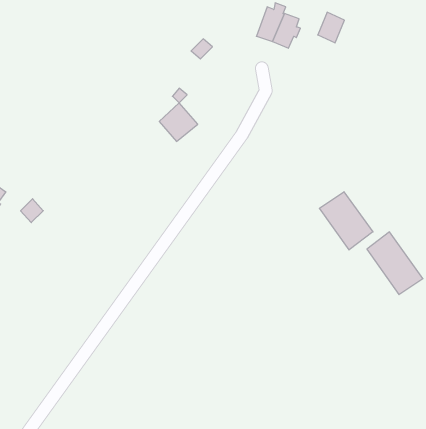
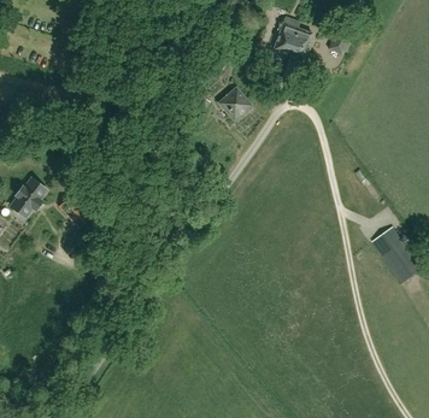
building: [159,103,198,141] -> [217,86,252,120]
building: [319,192,373,250] -> none

